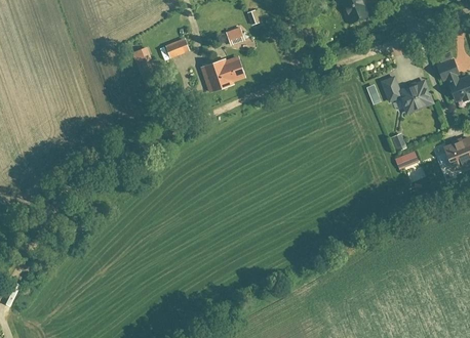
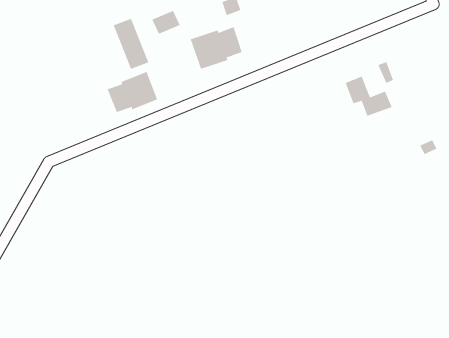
building: [380,78,422,114] -> [345,76,393,117]
building: none -> [107,71,158,113]

